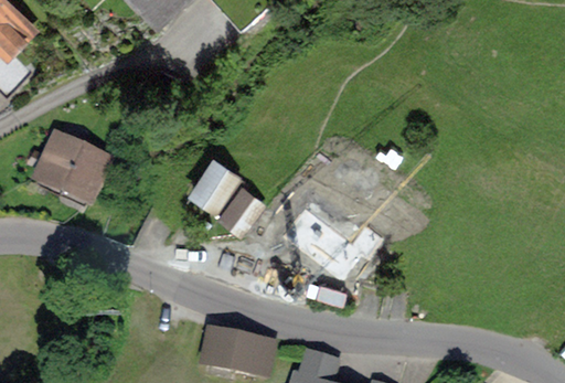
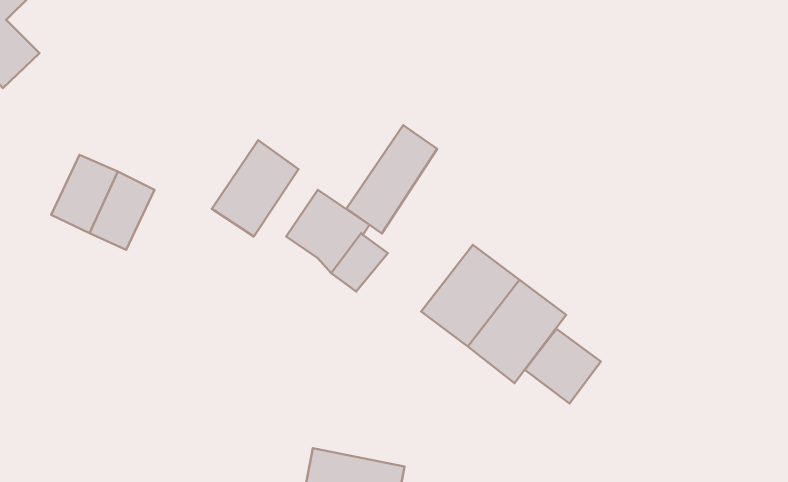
building: none -> [346,125,437,233]
building: none -> [212,140,299,236]
building: none -> [525,329,601,404]

